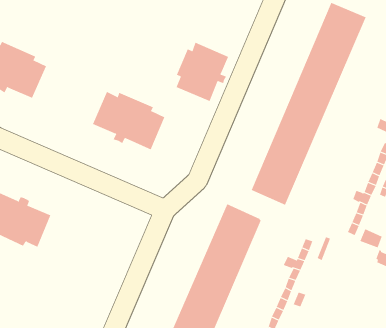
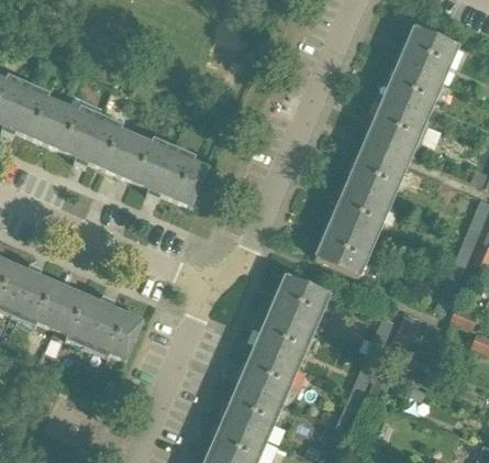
building: [176,42,229,102] -> none
building: none -> [46,99,137,176]
building: none -> [53,288,143,360]

